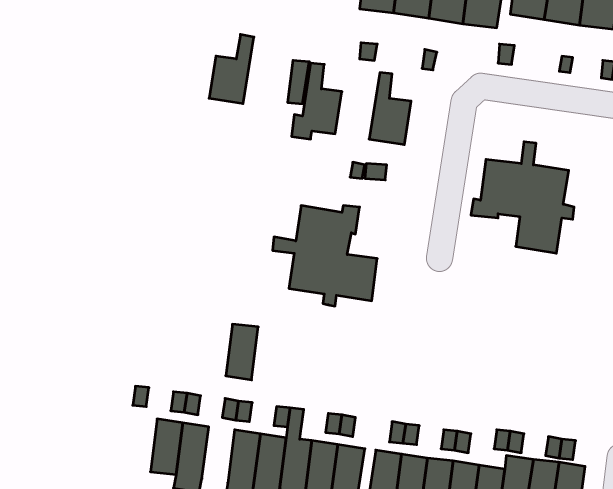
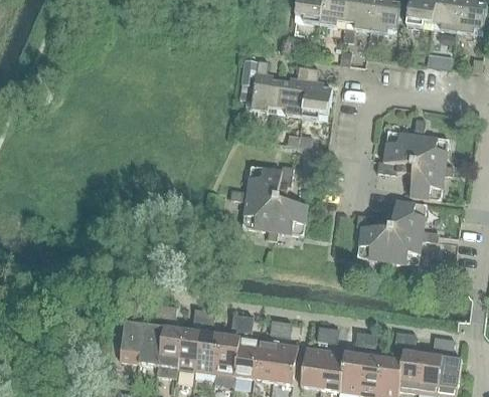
building: [209,34,254,104] -> [276,64,309,116]
building: none -> [356,200,439,269]
building: [226,324,258,380] -> [177,329,201,370]
building: none -> [119,321,144,362]

